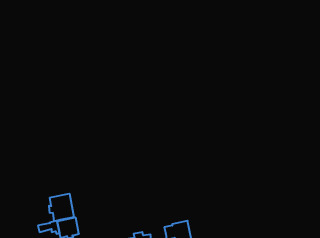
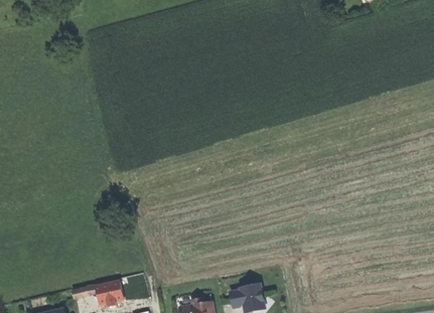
building: [49,194,74,221] -> none

